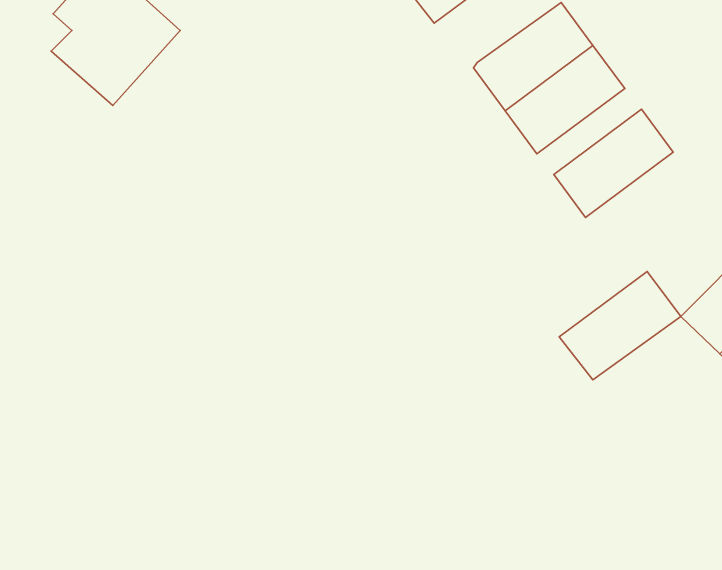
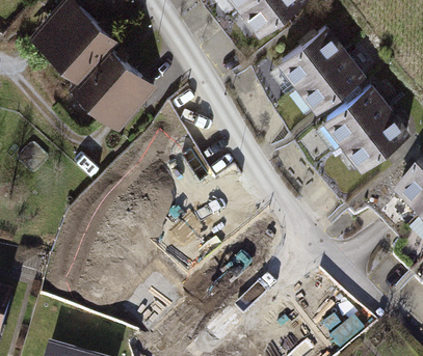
building: none -> [71,45,153,116]
building: [559,272,681,380] -> [340,105,407,165]

